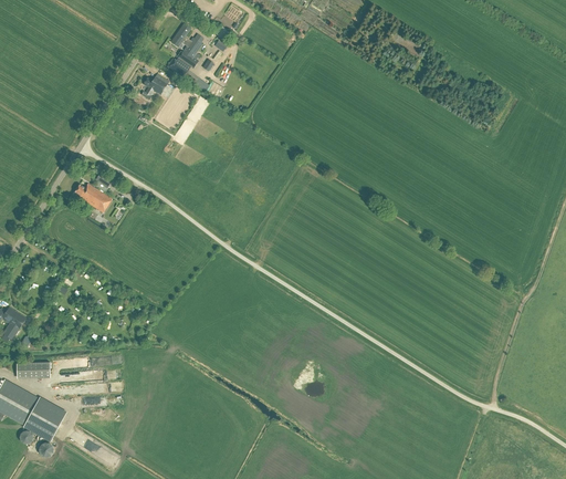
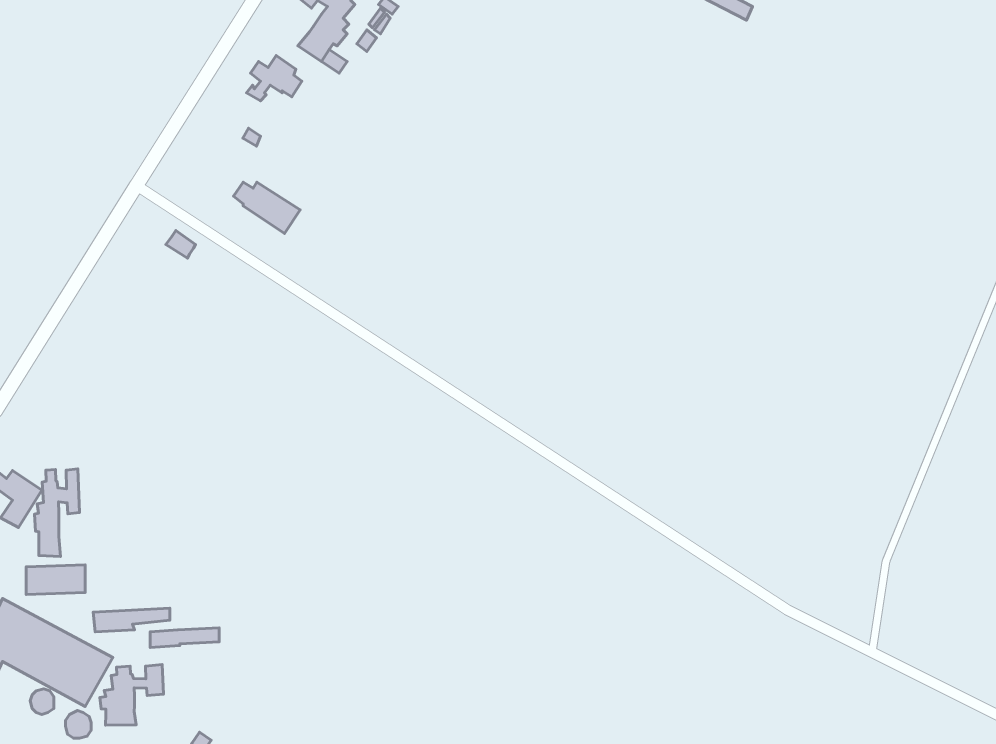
building: [74,184,112,212] -> [233,182,300,233]
building: none -> [34,469,79,557]
building: none -> [100,665,164,725]

